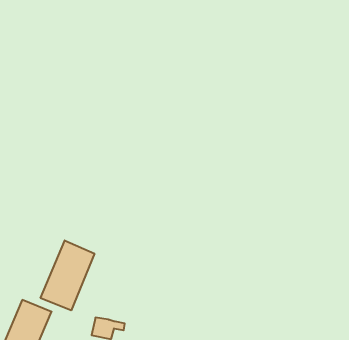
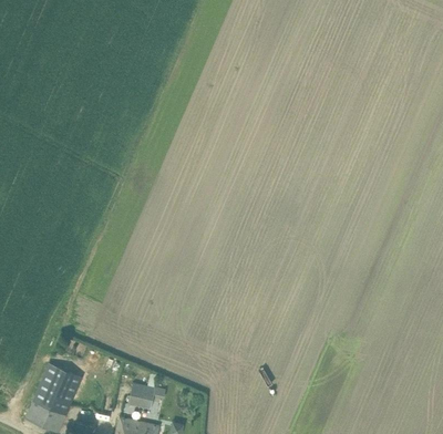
building: [41,240,94,310] -> none

